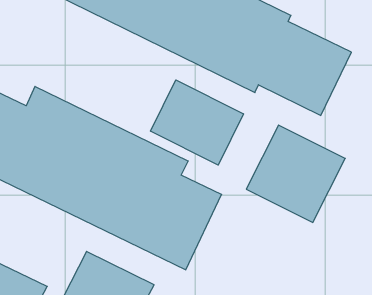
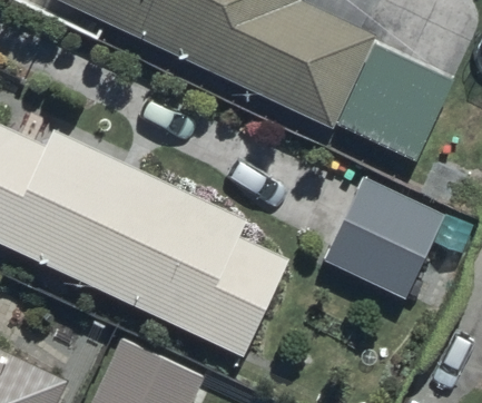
building: [151,80,243,165] -> none

